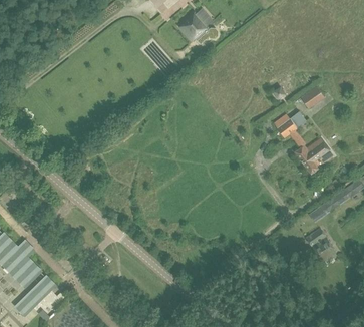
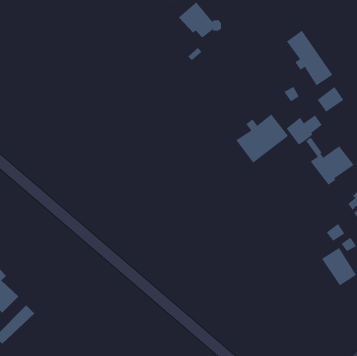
building: none -> [286,30,333,86]
building: none -> [235,114,289,163]

